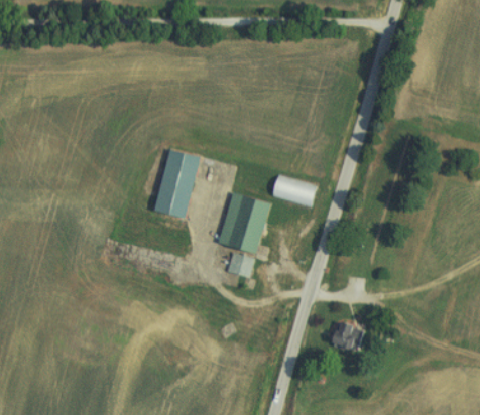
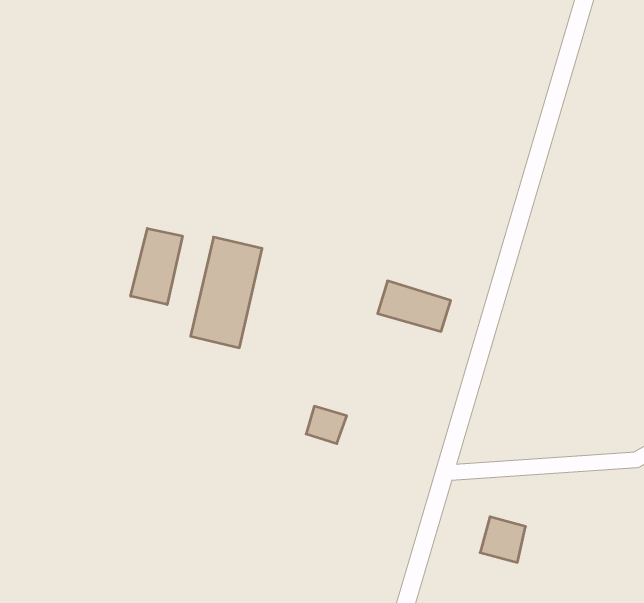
building: none -> [131,228,182,305]
building: [218,192,269,253] -> none

